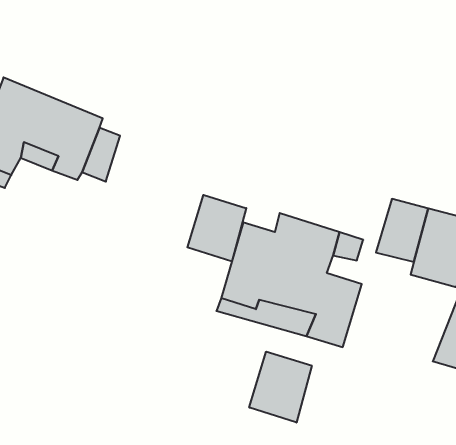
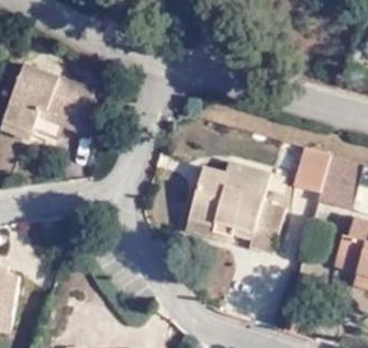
building: [187,195,246,262] -> none
building: [249,352,312,423] -> none

